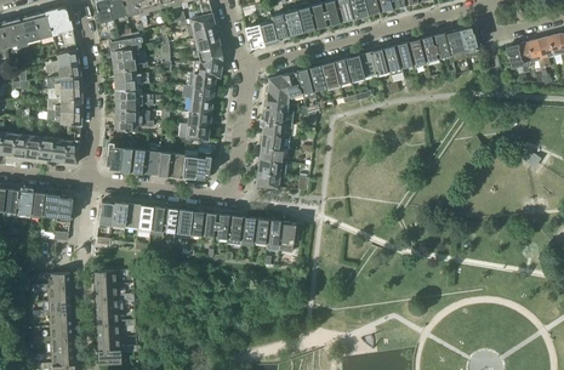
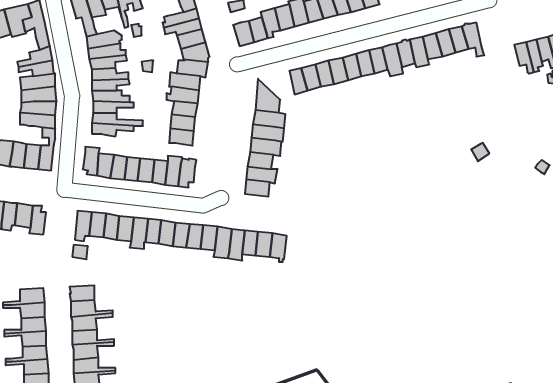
building: [268,72,303,101] -> none

